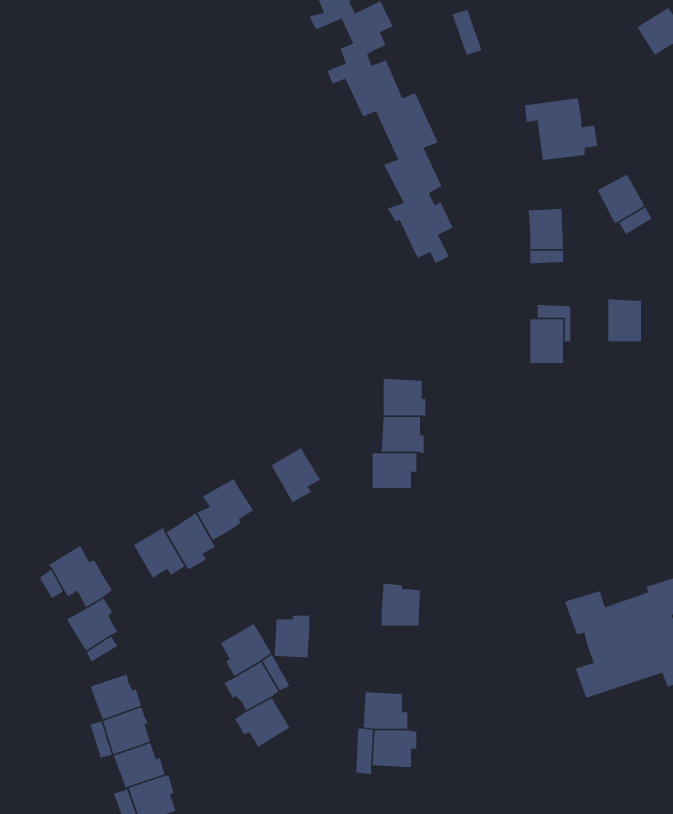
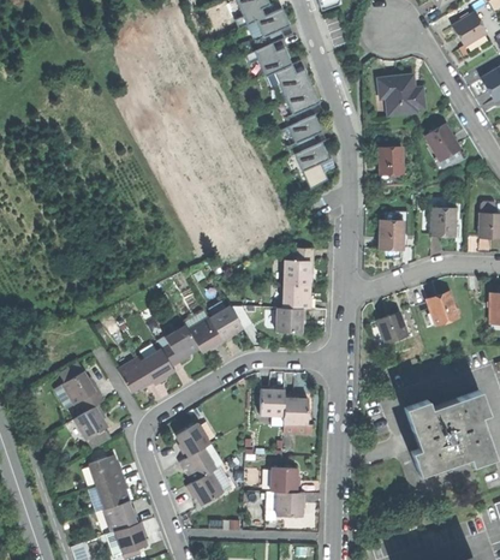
building: none -> [427,293,458,324]
building: none -> [376,311,406,342]
building: none -> [186,316,222,351]
building: [274,615,310,658] -> [258,386,282,415]

